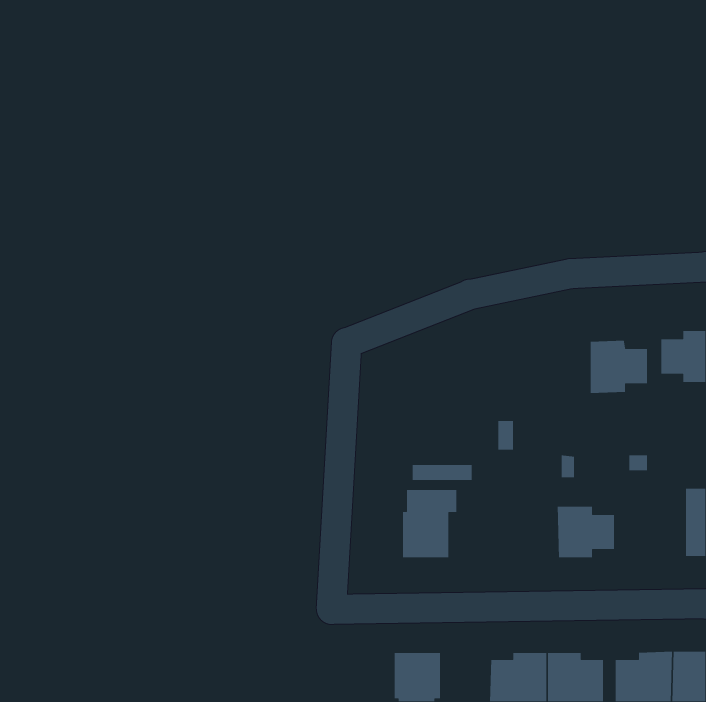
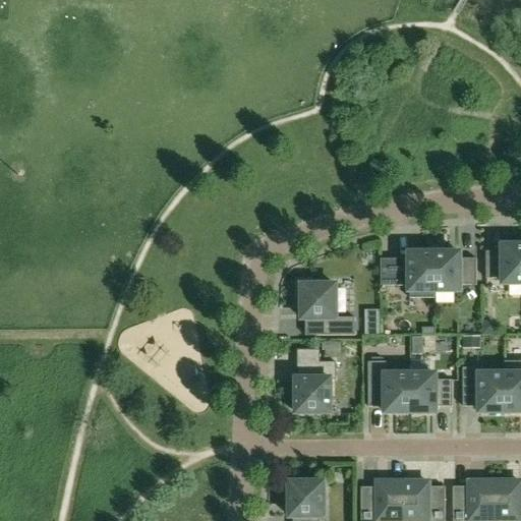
building: none -> [393,251,436,296]
building: none -> [301,283,355,334]
building: none -> [368,360,411,411]
building: none -> [463,366,505,411]

